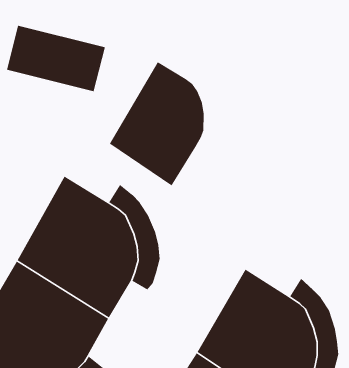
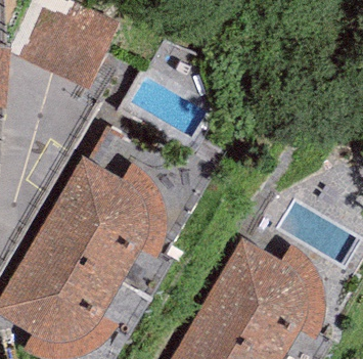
building: [109,61,204,186] -> none

